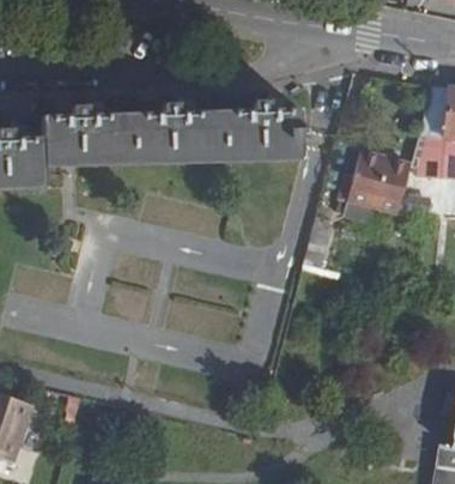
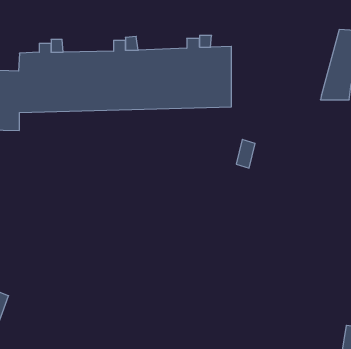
building: [345,153,410,217] -> none

